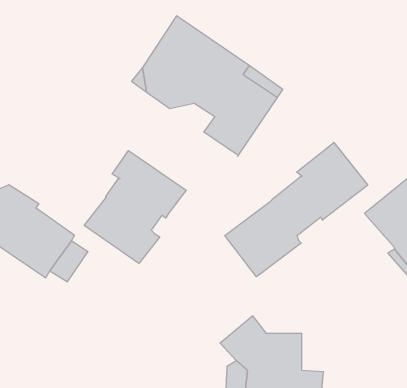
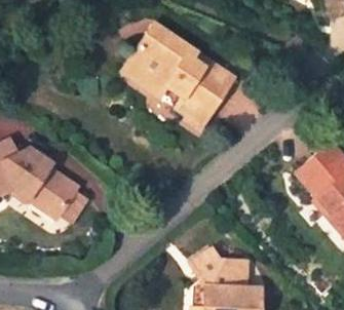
building: [225,142,368,277] -> none
building: [84,151,186,263] -> none

